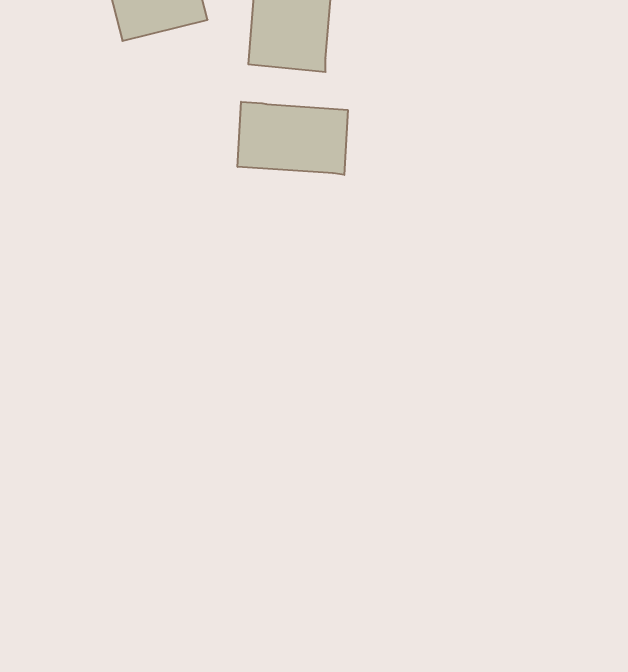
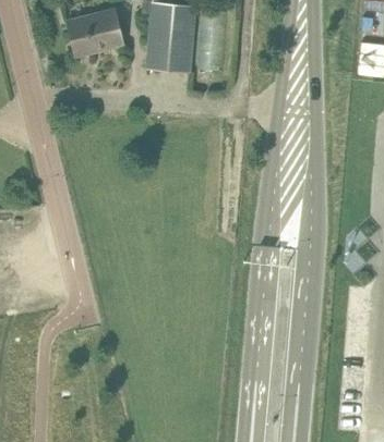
building: [238,102,348,175] -> none

